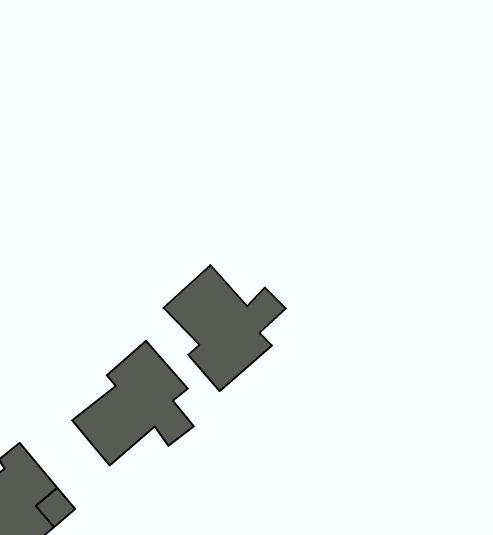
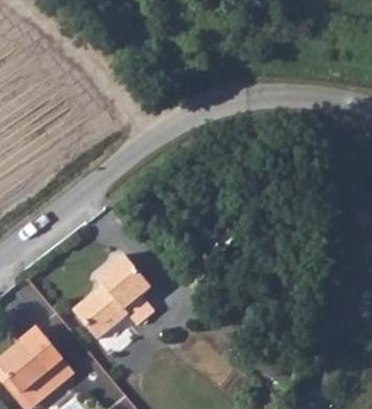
building: [163,265,286,391] -> none

